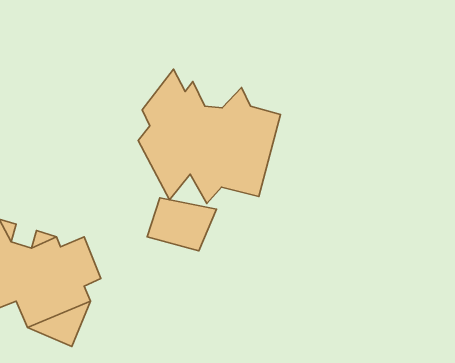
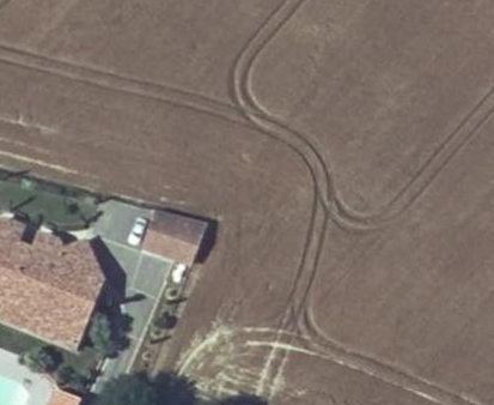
building: [138,69,281,204] -> none

